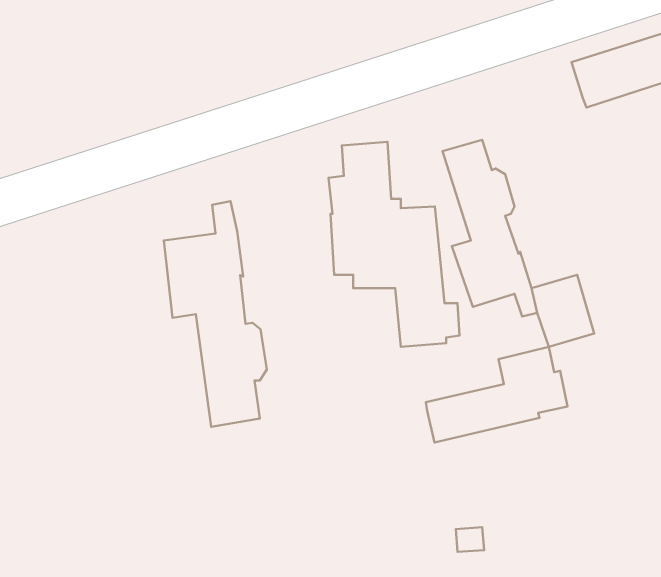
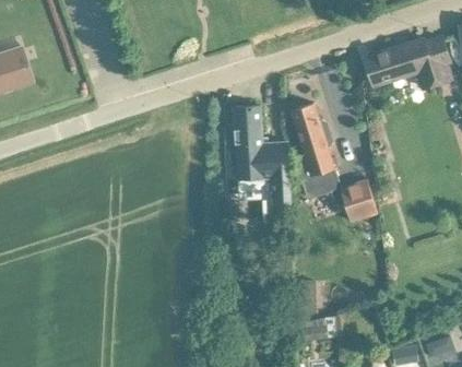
building: [164,201,267,427] -> none
building: [426,347,568,443] -> none

